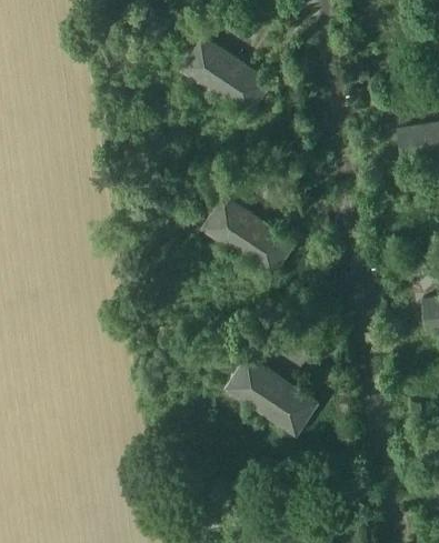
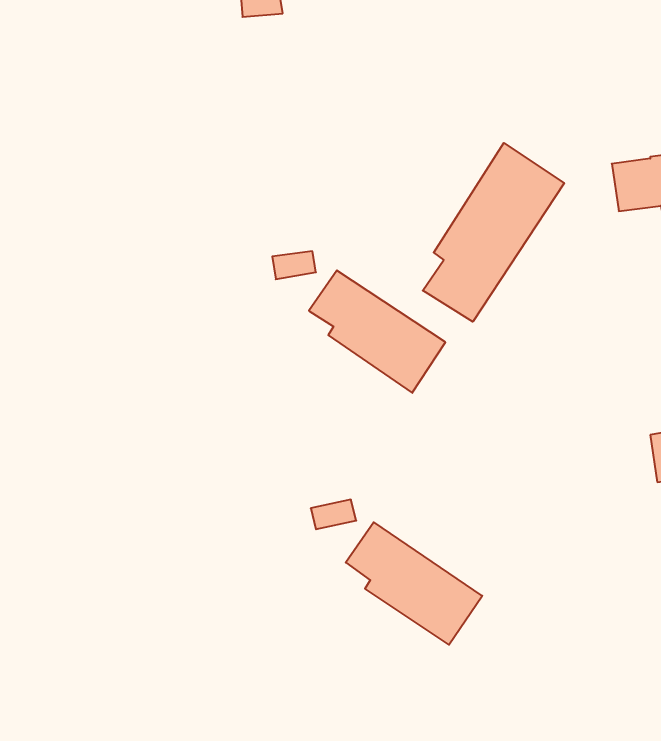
building: [181,38,268,115] -> none
building: none -> [423,143,564,322]

